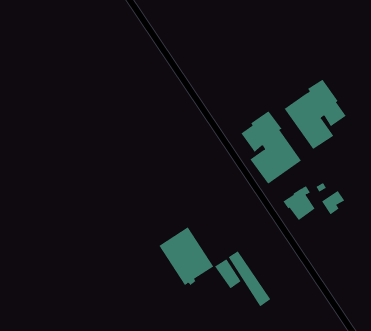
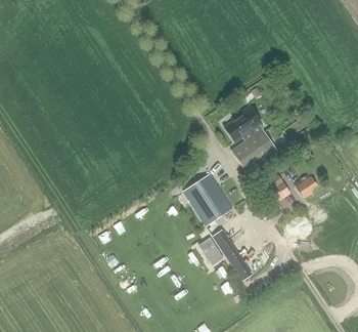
building: [284,79,347,150] -> none
building: [158,227,214,286] -> [182,172,232,225]

